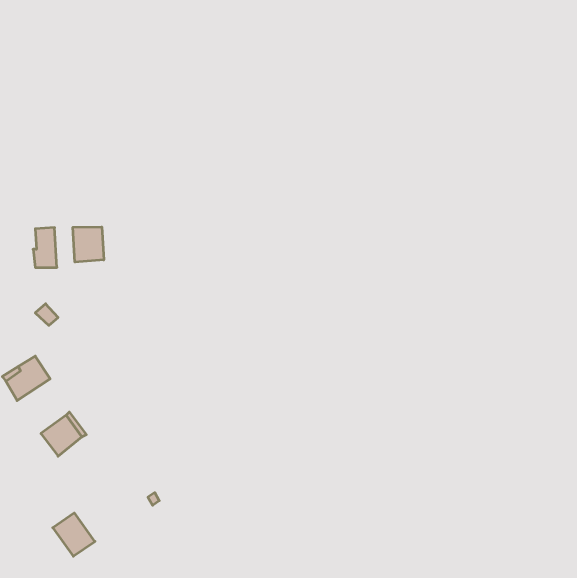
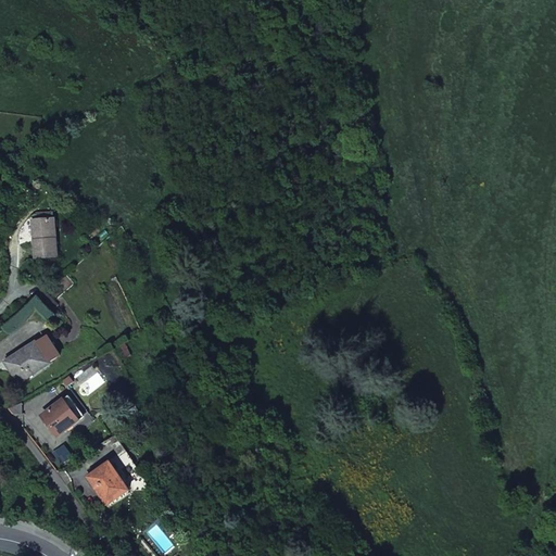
building: [73,227,104,262] -> none
building: [53,513,95,556] -> [87,460,127,502]

